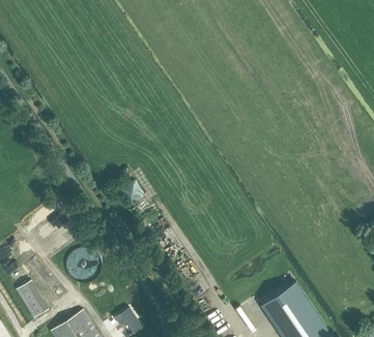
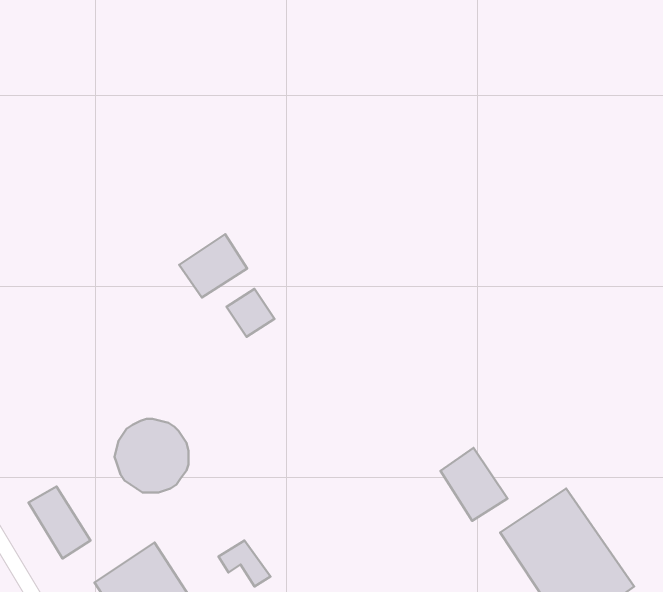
building: none -> [179,234,247,297]
building: none -> [440,448,507,521]

